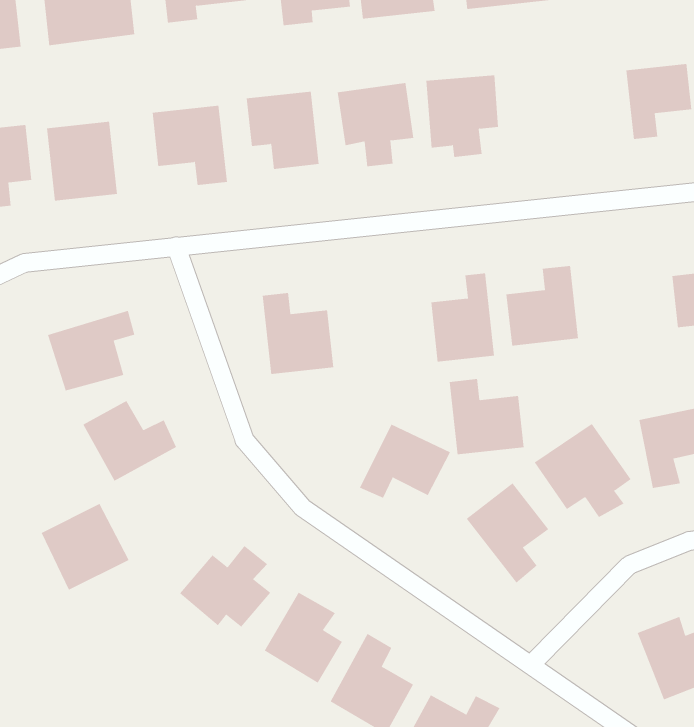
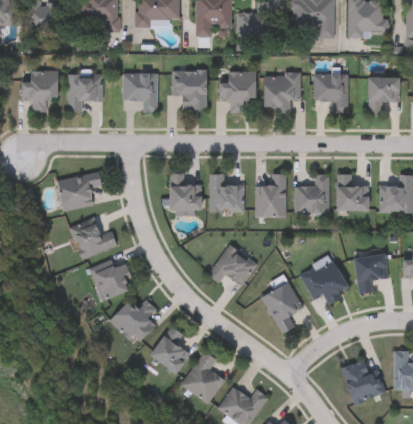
building: none -> [313,74,348,112]
building: none -> [337,174,369,210]
building: [449,379,524,455] -> [209,173,244,211]
building: [41,503,130,590] -> [90,258,134,301]

